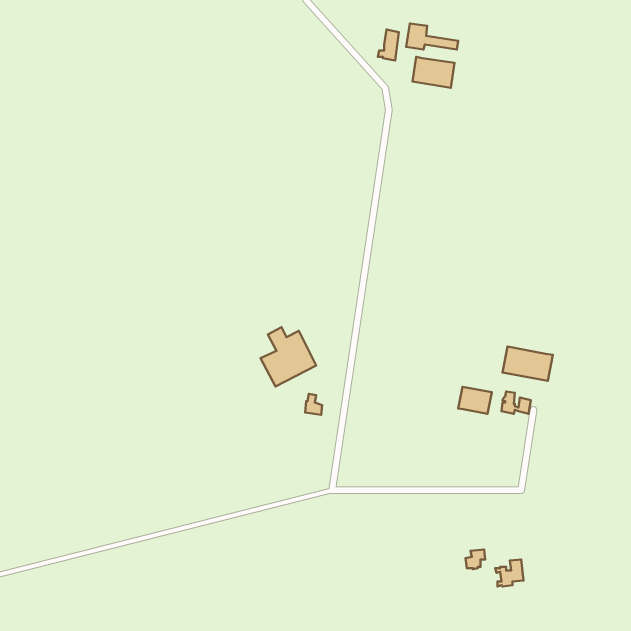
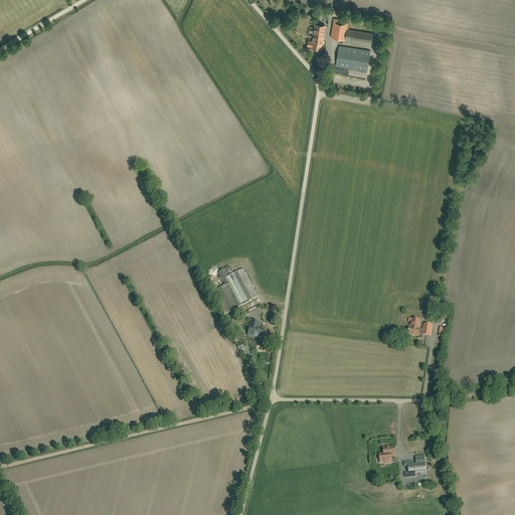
building: [503,347,553,381] -> none
building: [458,387,492,414] -> none

